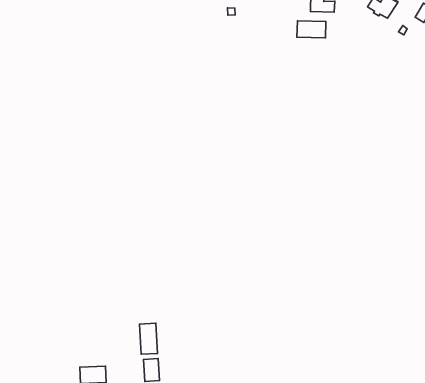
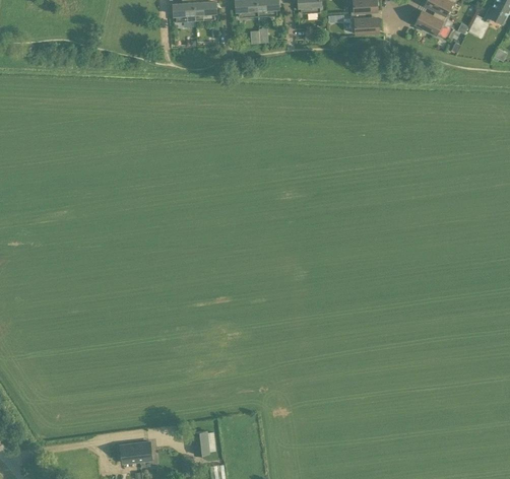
building: [297,21,326,38] -> none
building: [139,323,158,354] -> none

